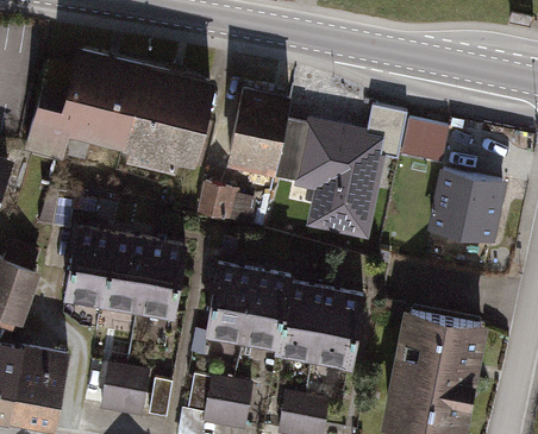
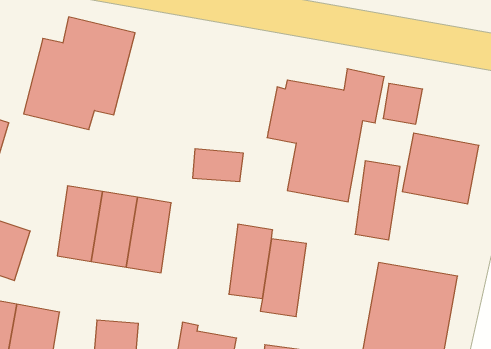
building: [123,65,215,170] -> none
building: [227,88,298,170] -> none
building: [205,263,254,341] -> none
building: [315,288,363,371] -> [355,161,400,240]

